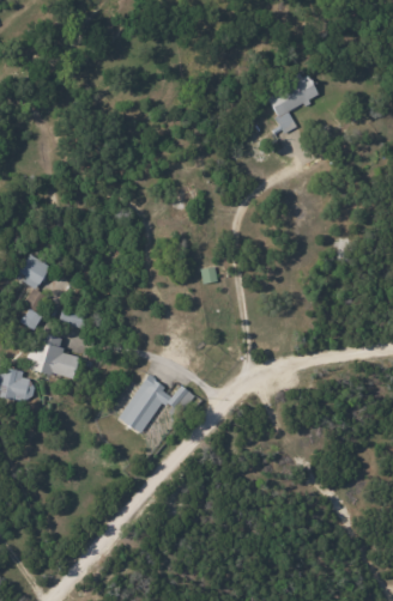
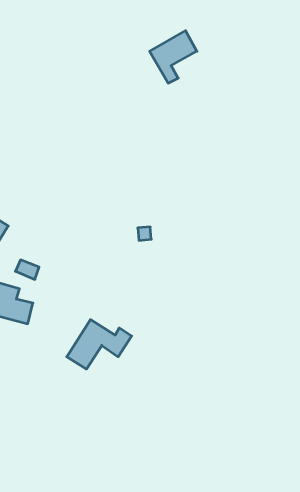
building: [265,71,320,132] -> [150,31,197,83]

